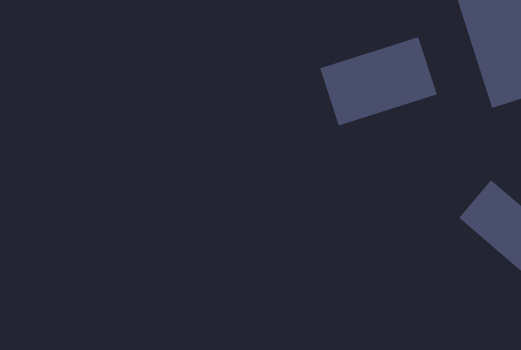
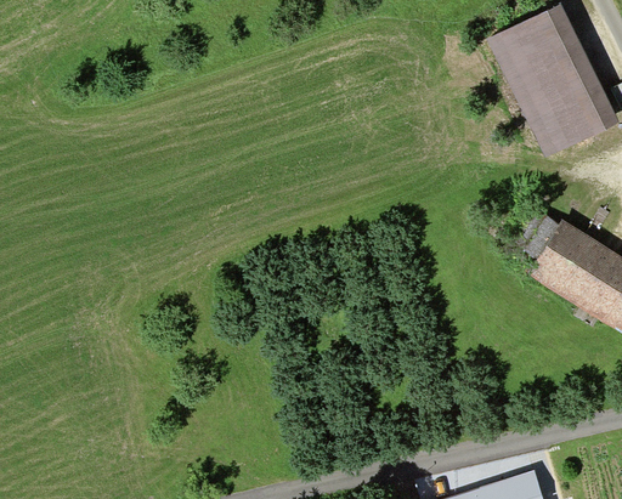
building: [319,36,438,127] -> none

